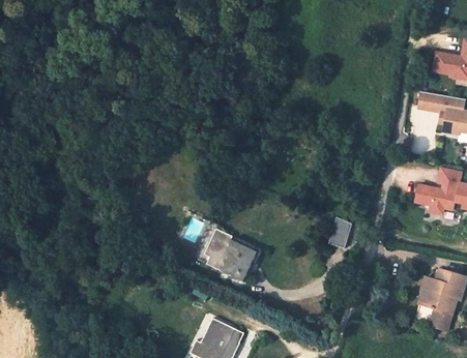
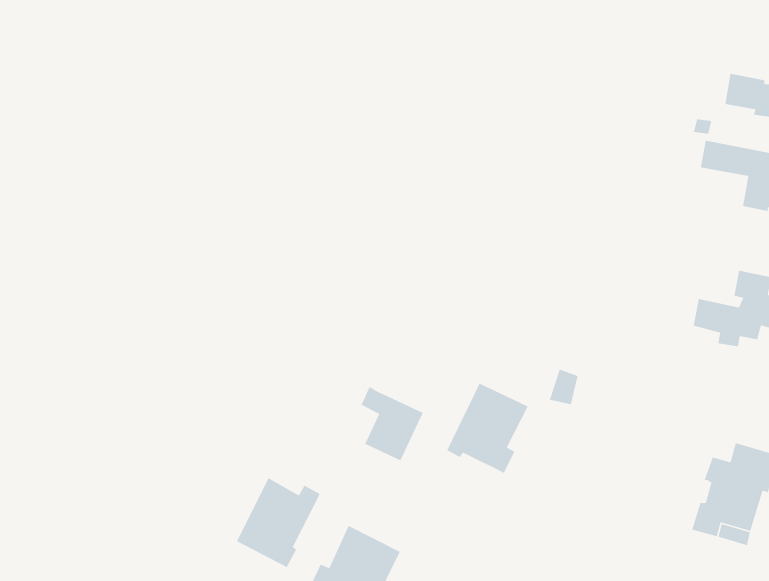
building: [207,231,231,270] -> none
building: none -> [446,382,529,474]
building: none -> [236,477,321,568]

